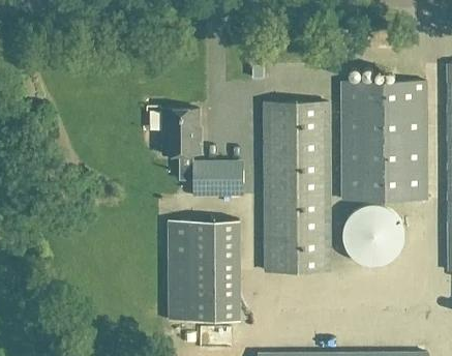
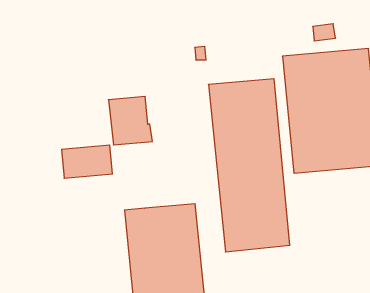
building: [193,167,242,196] -> [62,145,112,178]
building: [340,203,405,268] -> none

